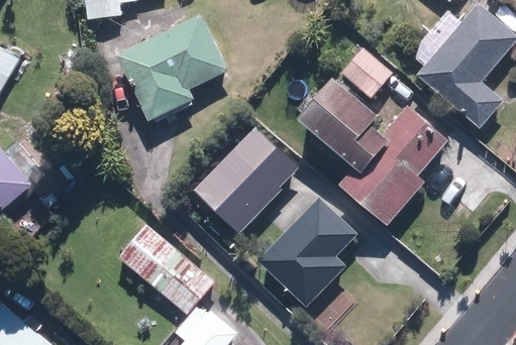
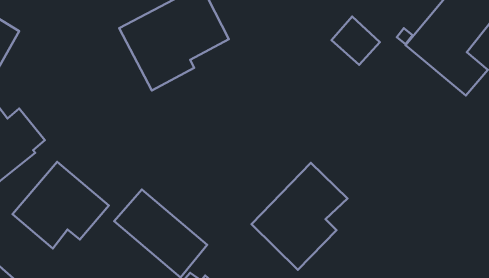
building: [300,80,444,225] -> none
building: [193,127,298,232] -> none
building: none -> [12,162,109,249]

